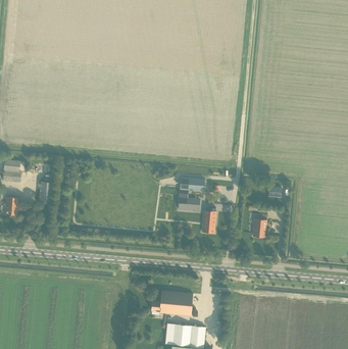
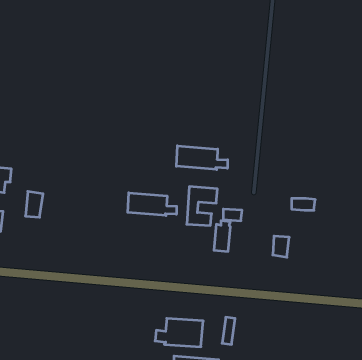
building: none -> [176,146,228,170]
building: none -> [128,193,177,216]

